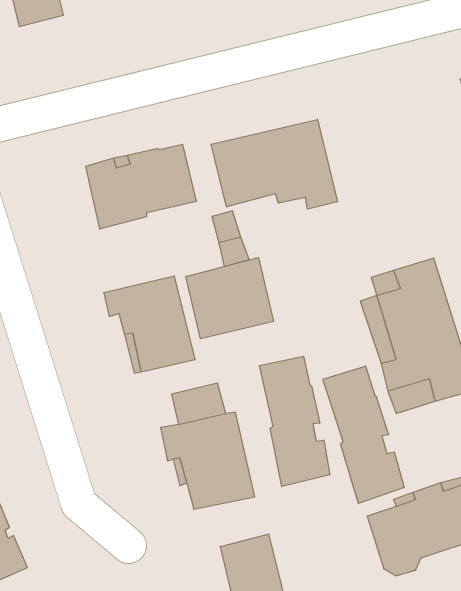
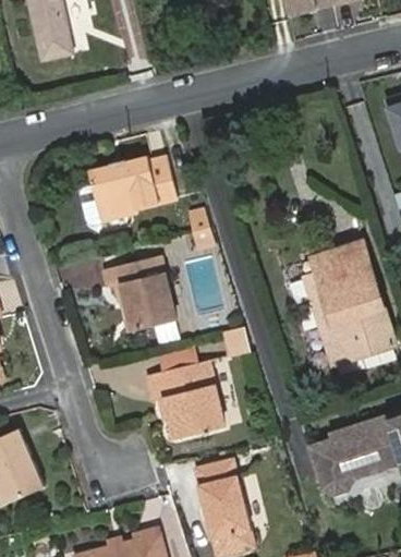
building: [211,119,338,209] -> none
building: [186,258,274,339] -> none
building: [259,356,330,487] -> none
building: [323,366,404,504] -> none

